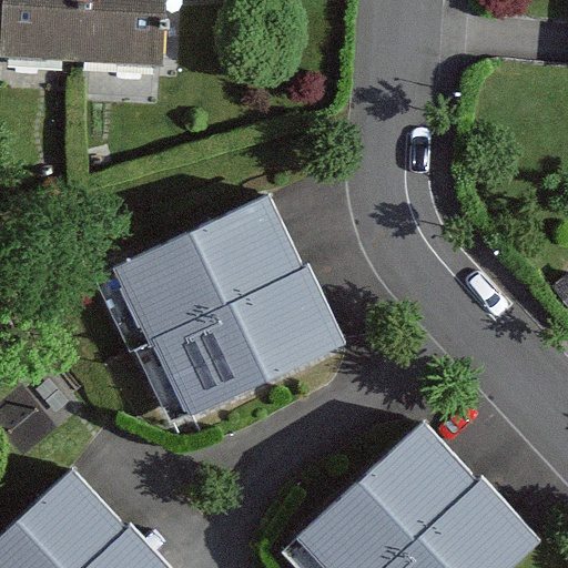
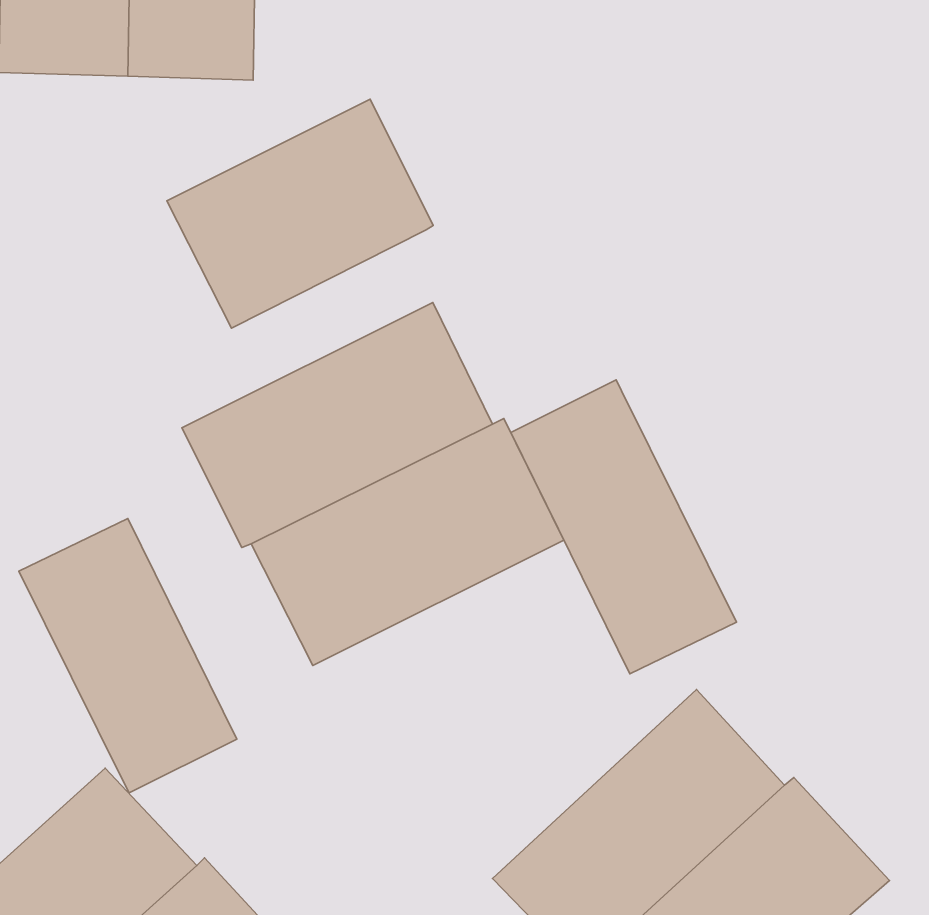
building: none -> [167,99,433,328]
building: none -> [511,380,736,674]
building: none -> [19,518,237,793]

